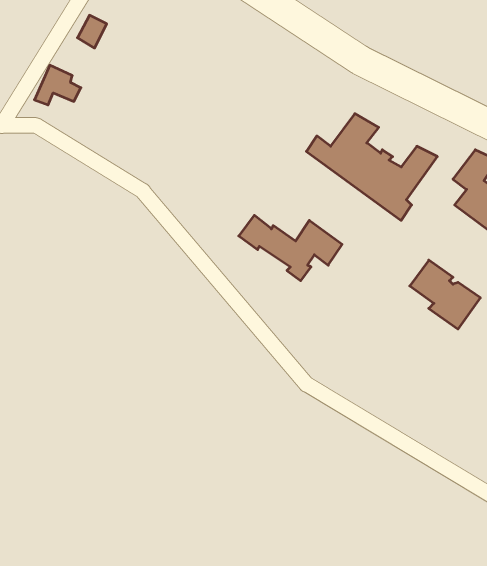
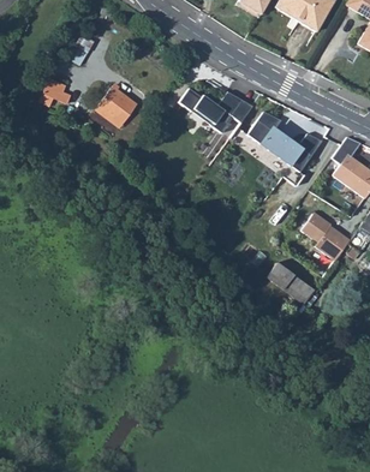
building: none -> [92,84,135,127]
building: [239,215,342,281] -> [177,86,249,132]
building: none -> [265,262,314,305]

